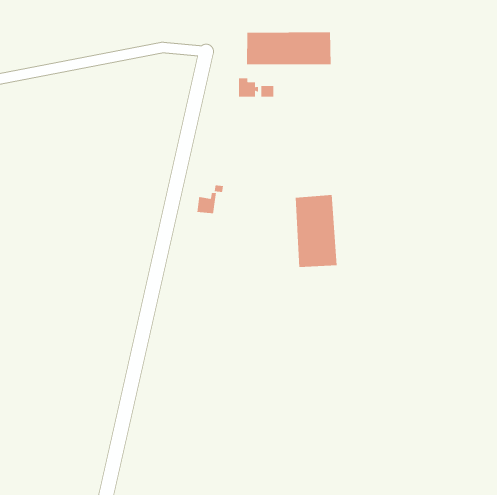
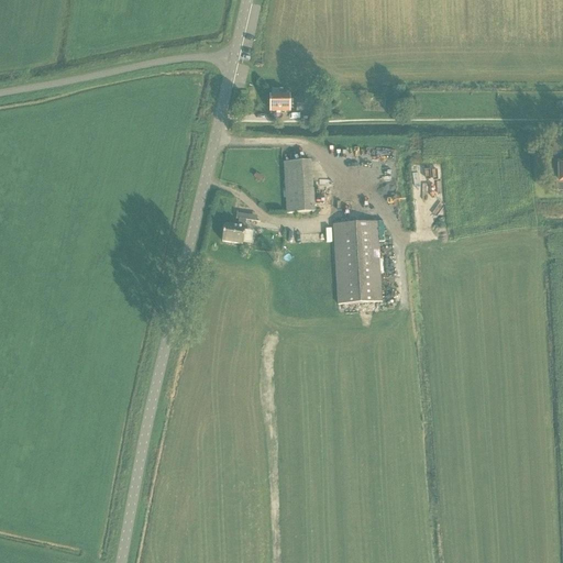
building: [246,31,331,65] -> none
building: none -> [284,158,312,211]

